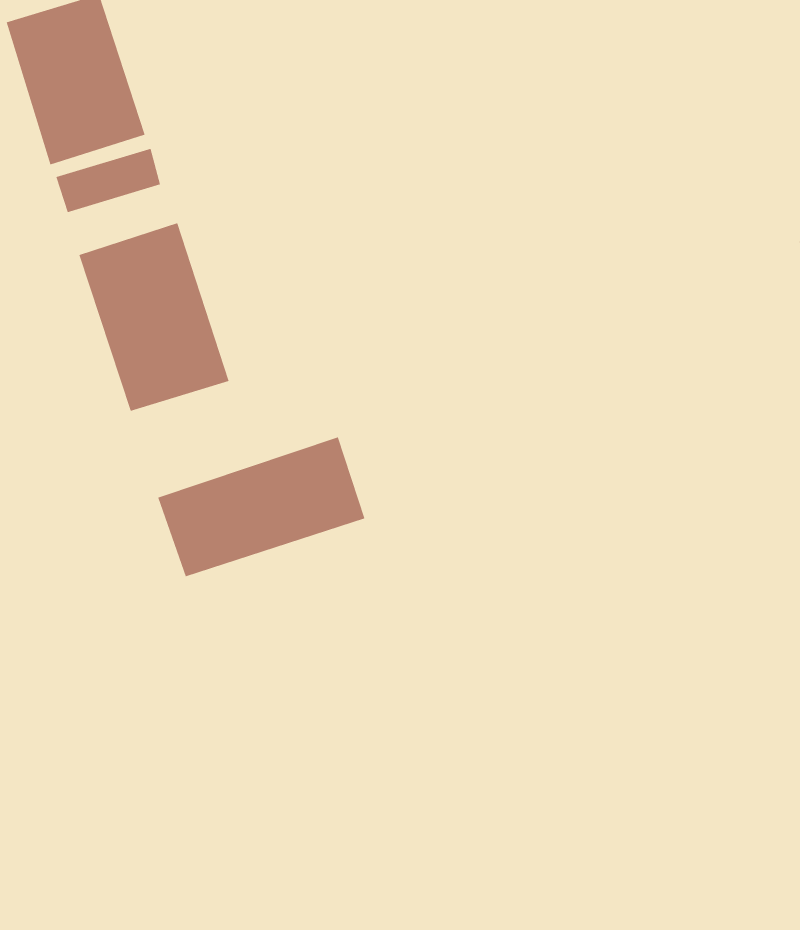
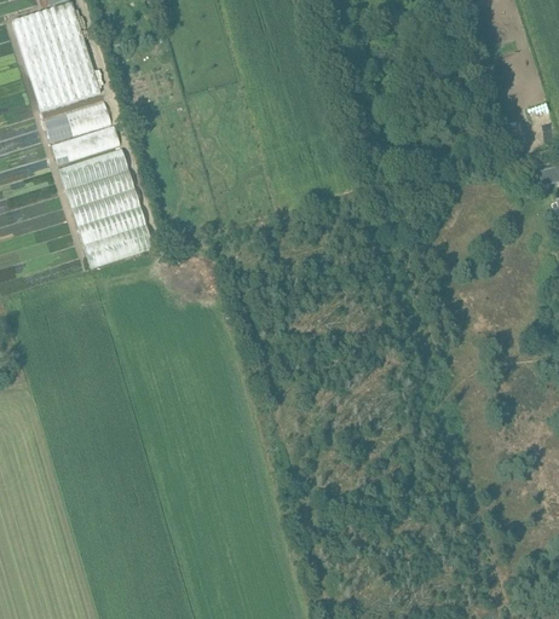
building: none -> [51,123,120,163]
building: [158,436,365,577] -> none

